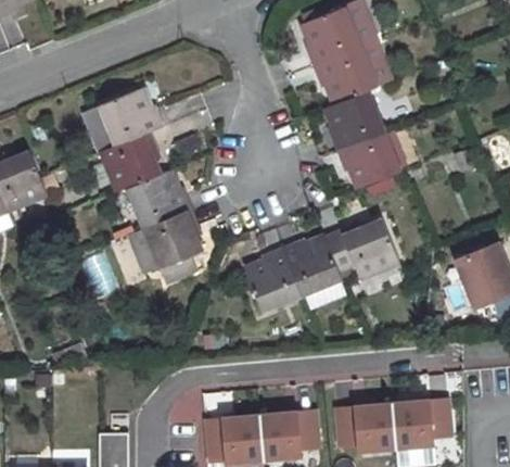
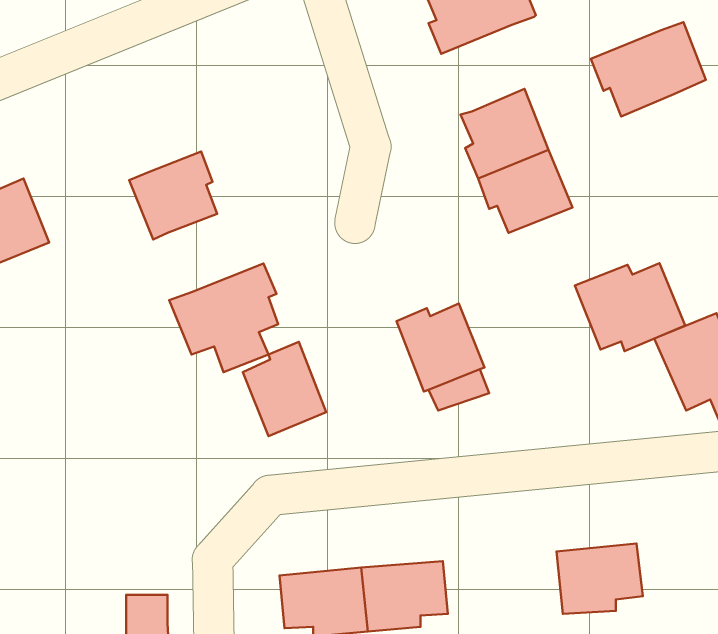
building: [313,41,391,105] -> [591,22,706,117]
building: [98,89,163,147] -> none
building: [127,171,192,228] -> none
building: [324,220,399,280] -> [575,263,685,351]
building: [244,248,301,312] -> [243,342,326,436]
building: [335,404,395,450] -> none

